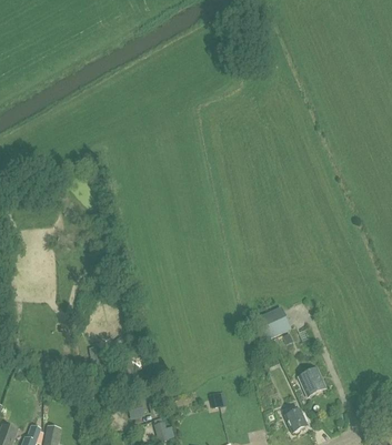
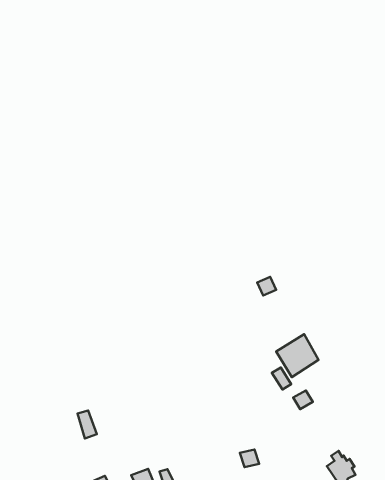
building: [296,367,325,397] -> none

